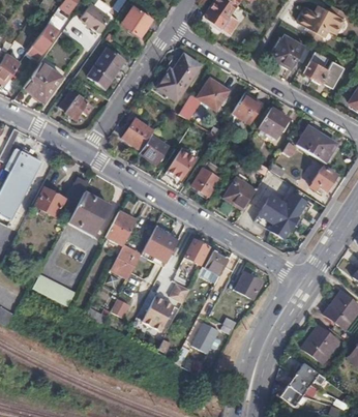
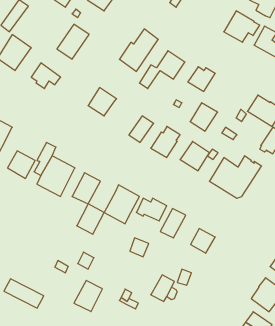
building: [259,107,289,138] -> [190,103,218,131]
building: [139,132,169,165] -> none
building: [33,274,77,306] -> [4,279,44,308]
building: [143,295,174,329] -> [74,280,102,312]

